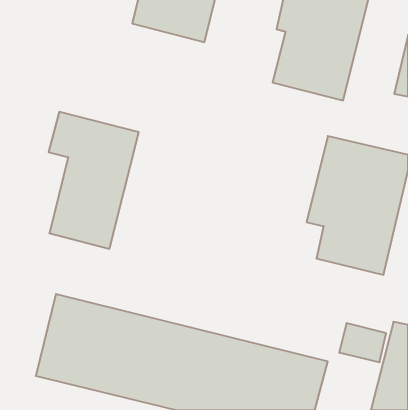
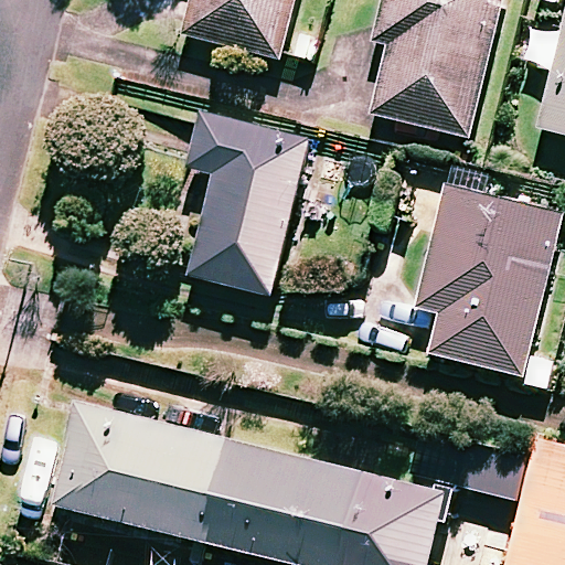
building: [49,112,139,249] -> [188,109,310,296]

